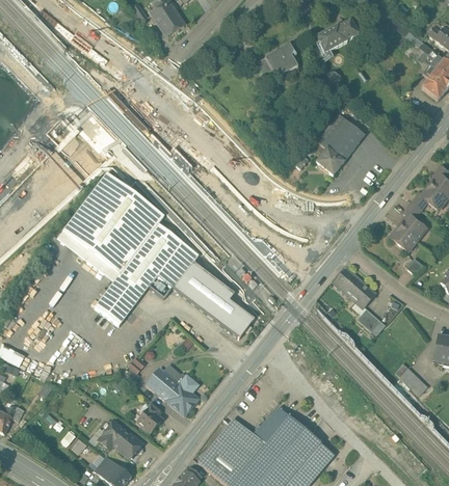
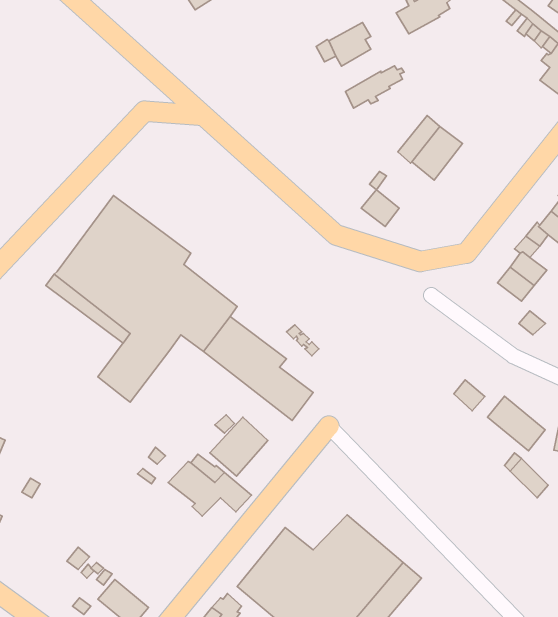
building: none -> [345,66,404,108]
building: [315,147,343,174] -> [361,190,399,226]
building: [334,266,376,306] -> [488,396,545,451]
building: none -> [210,417,268,476]
building: [137,405,163,435] -> none
building: [98,423,141,458] -> none

